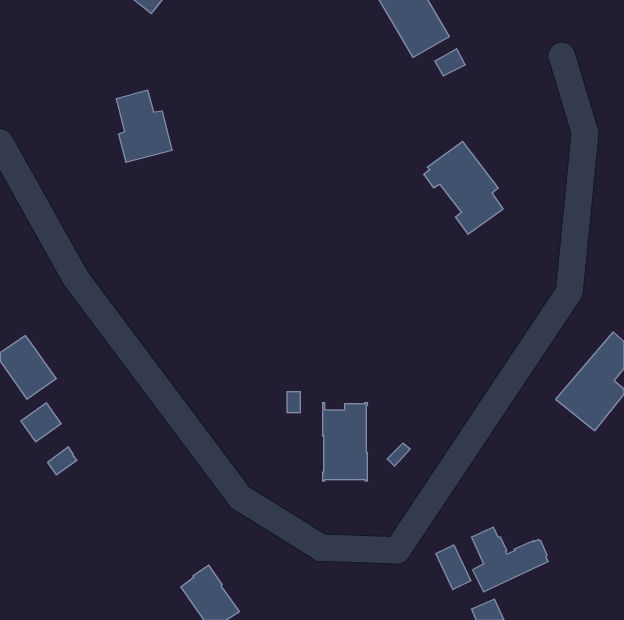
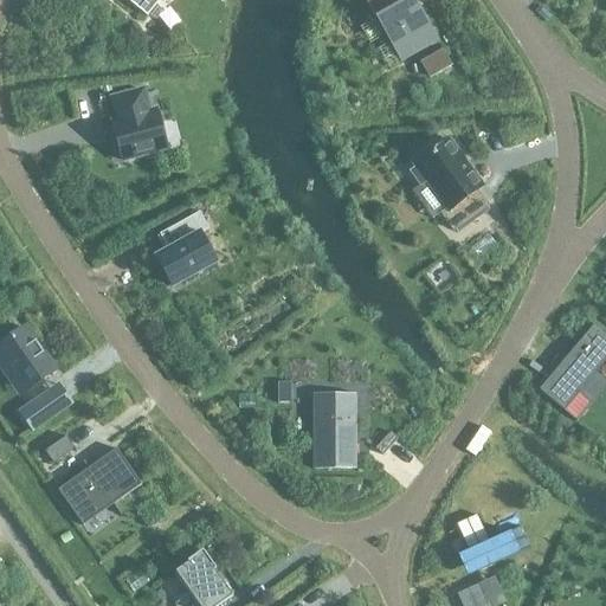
building: none -> [156,209,217,284]
building: none -> [58,446,142,523]
building: [436,545,471,590] -> none

